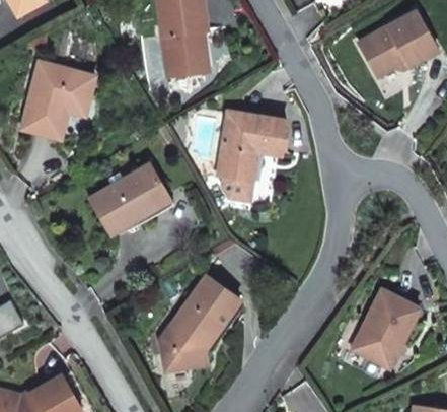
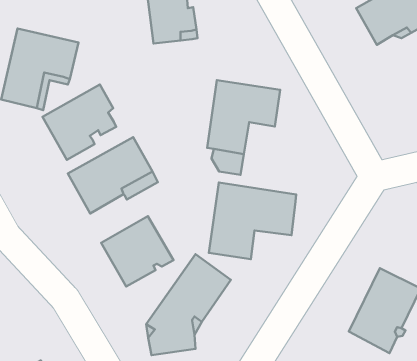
building: none -> [43,84,116,160]
building: none -> [209,183,296,259]
building: none -> [101,216,174,286]

